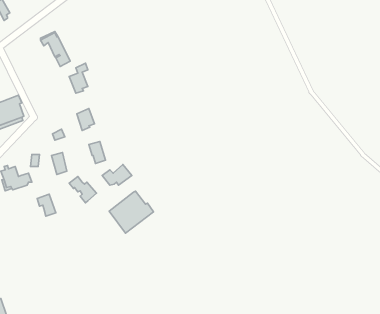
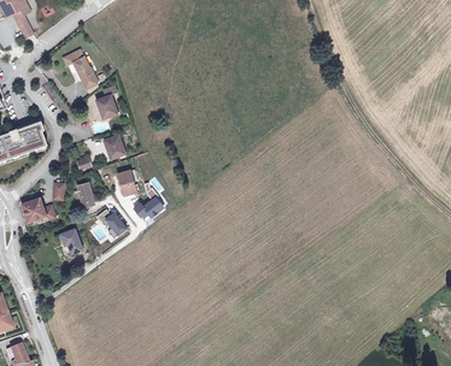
building: [109,191,154,233] -> none

